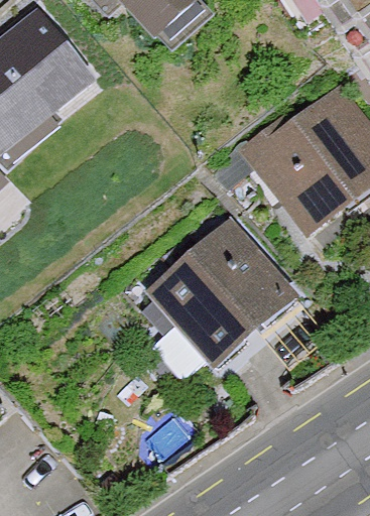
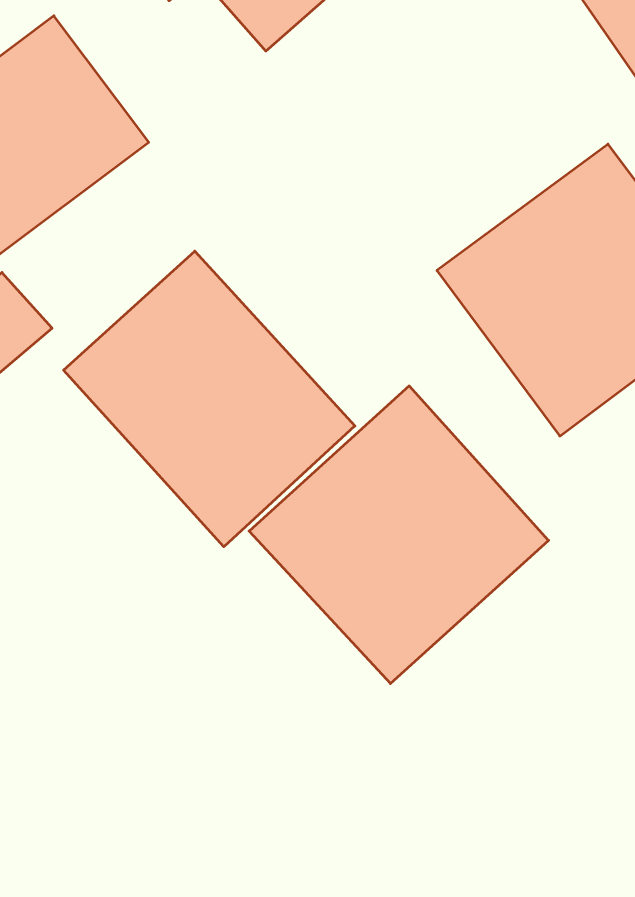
building: none -> [64,251,355,547]

